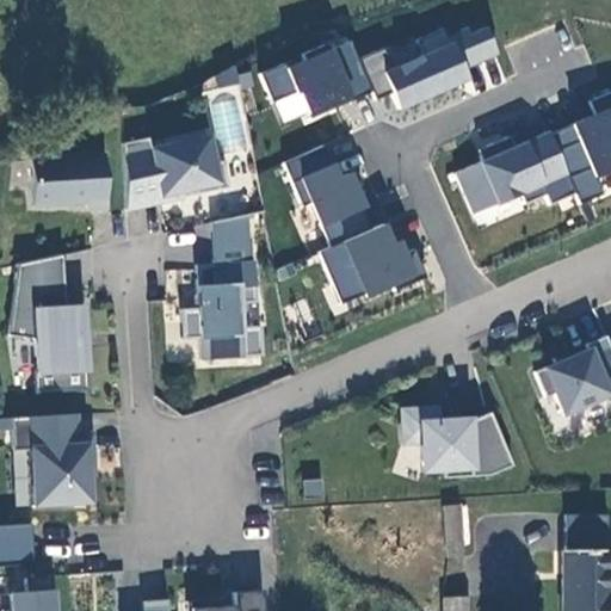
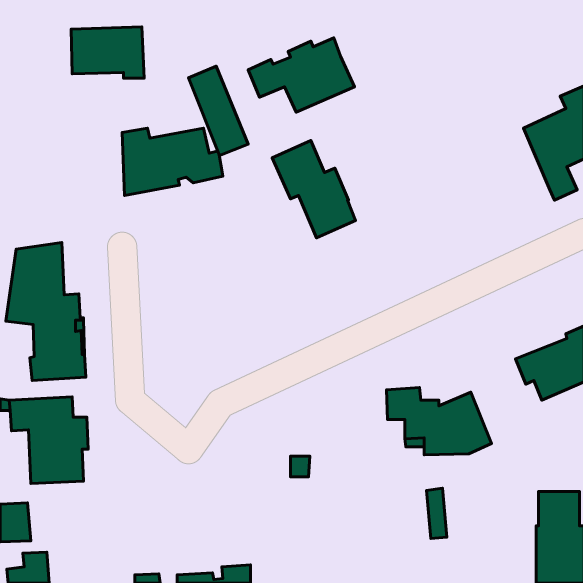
building: [357,26,494,107] -> none
building: [455,131,575,218] -> none
building: [31,154,107,208] -> [71,27,144,78]
building: [190,215,272,358] -> none
building: [320,226,427,306] -> none

